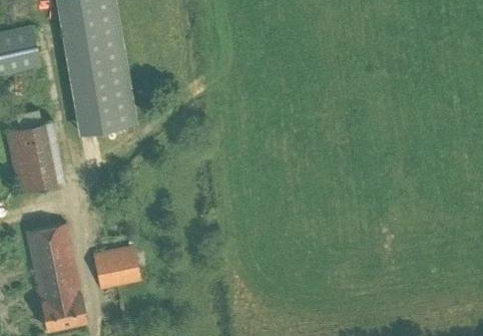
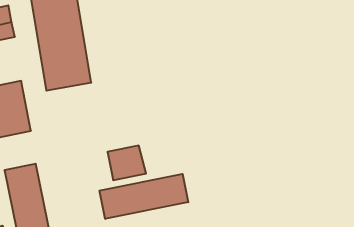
building: none -> [100,174,188,219]
building: [93,247,141,290] -> [107,146,146,180]

